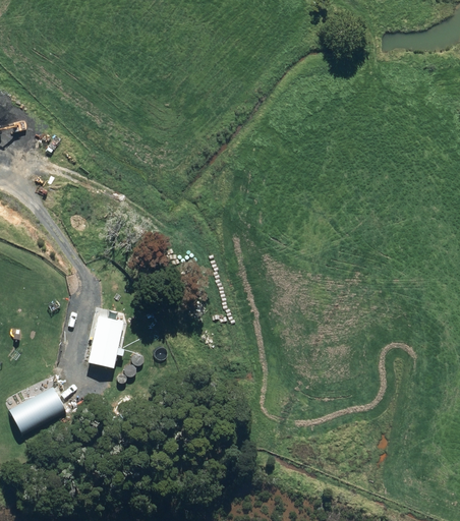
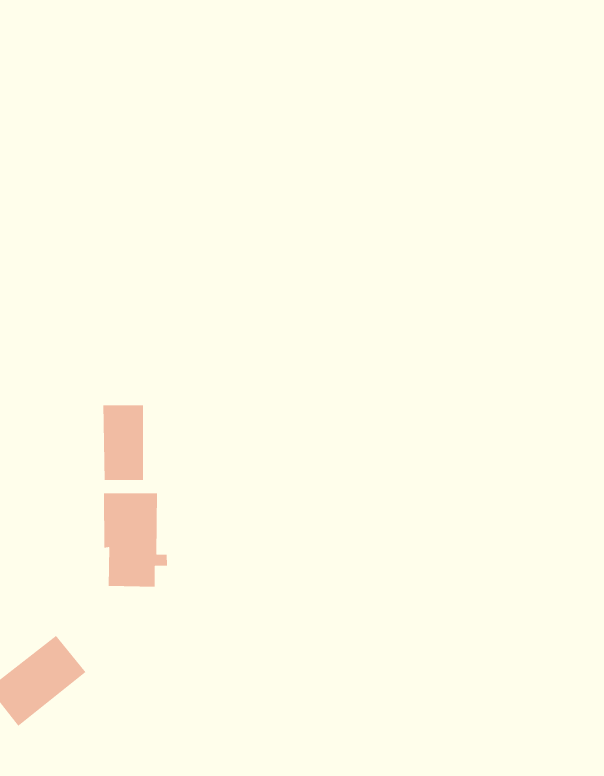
building: none -> [103,404,144,481]

